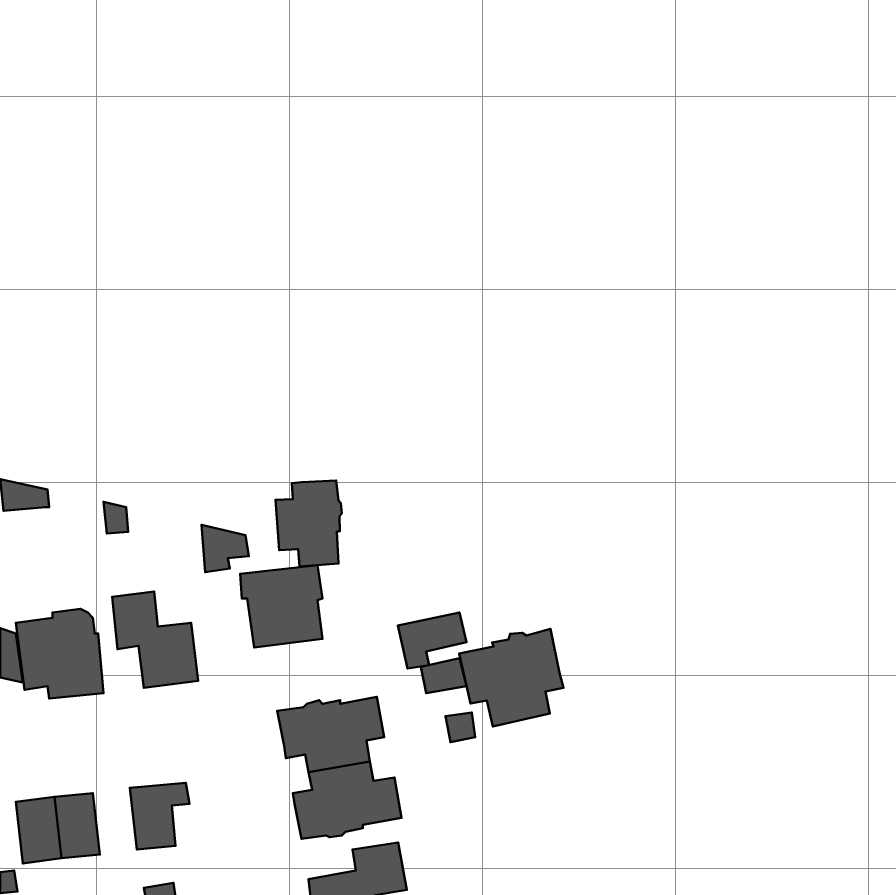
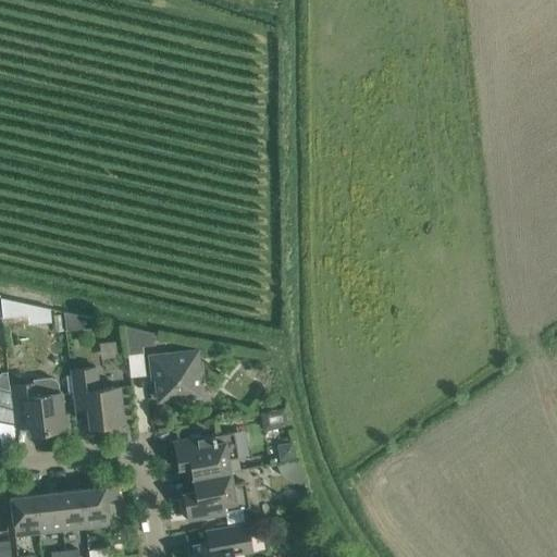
building: [276,481,342,566] -> none
building: [398,613,466,669] -> none
building: [459,629,563,727] -> none
building: none -> [58,490,85,531]

